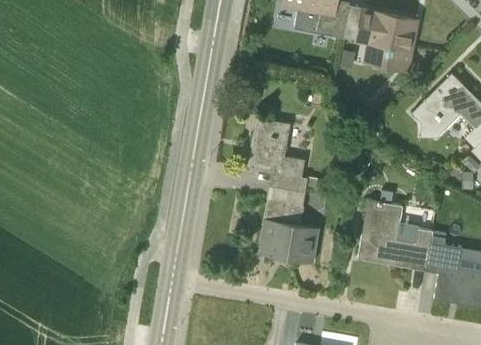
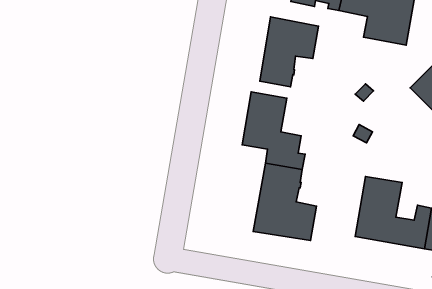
building: none -> [260,17,319,87]

